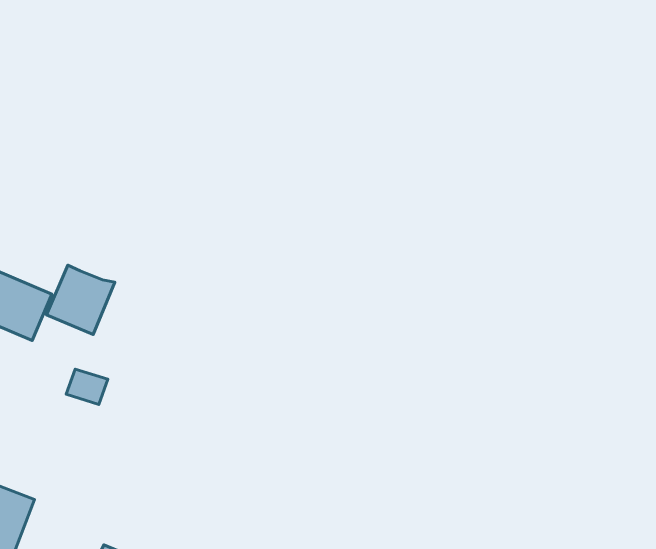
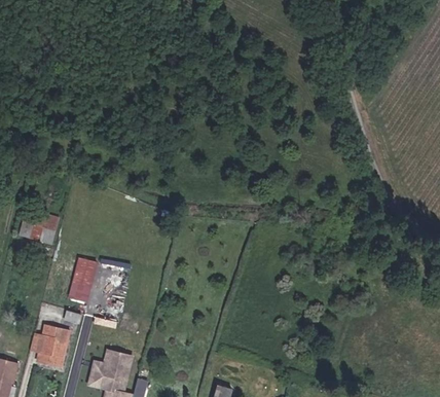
building: [47,265,115,335] -> none
building: none -> [69,273,95,301]

